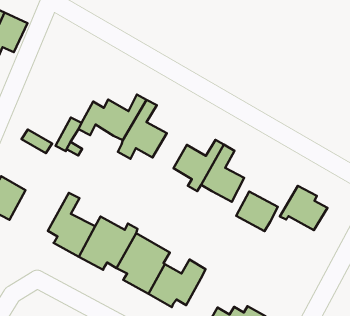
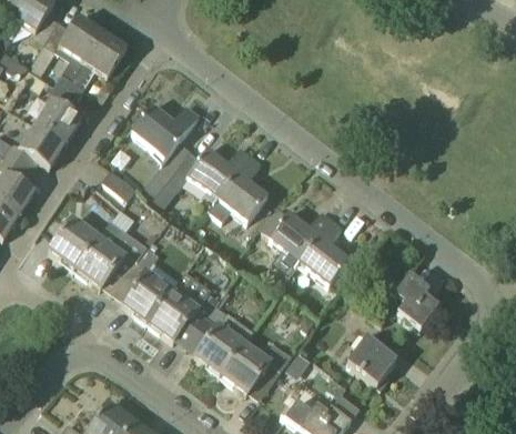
building: none -> [131,104,199,158]
building: none -> [74,221,146,287]
building: [236,191,278,231] -> [346,339,395,386]

